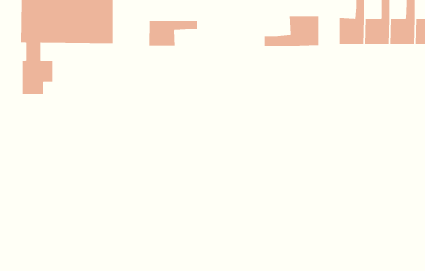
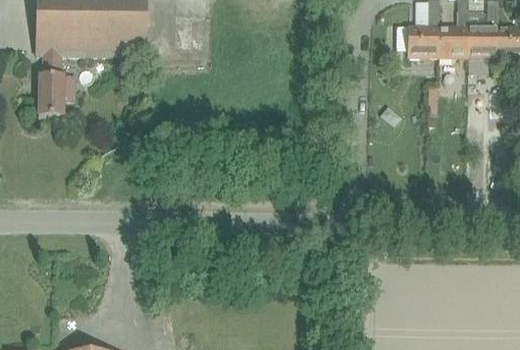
building: [264,15,319,47] -> none
building: [149,20,197,46] -> none

